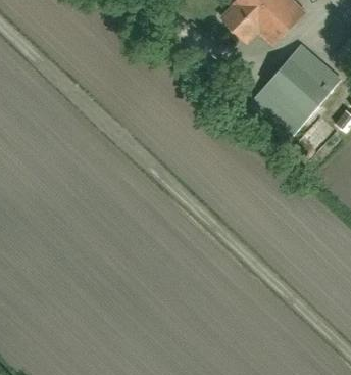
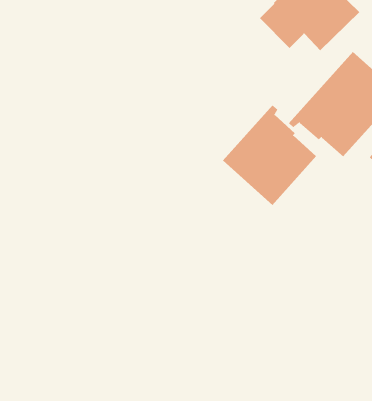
building: none -> [222,105,317,206]

